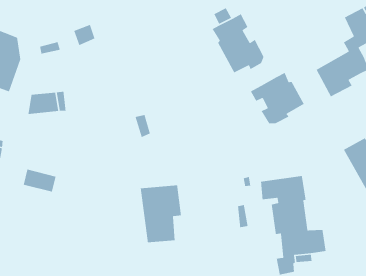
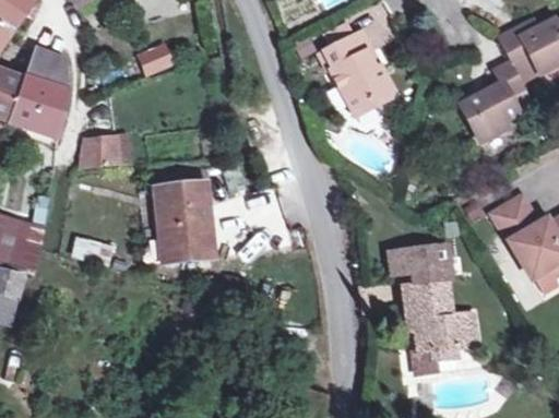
building: [250,72,305,124] -> none
building: [140,185,182,243] -> [155,186,211,263]

